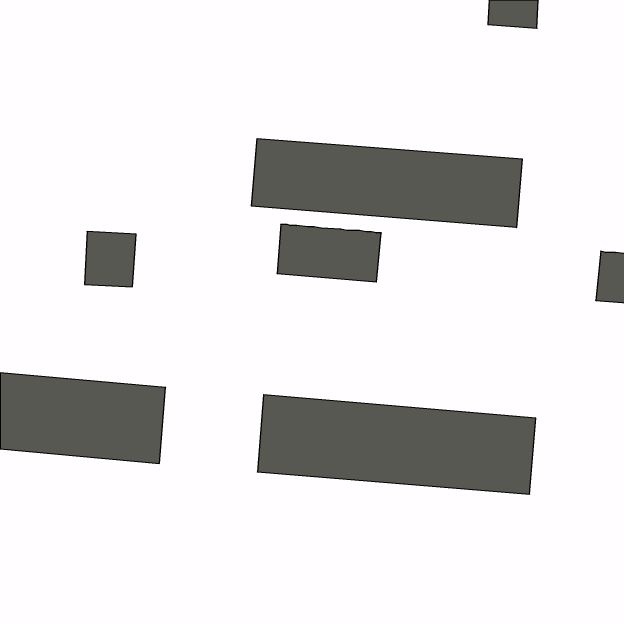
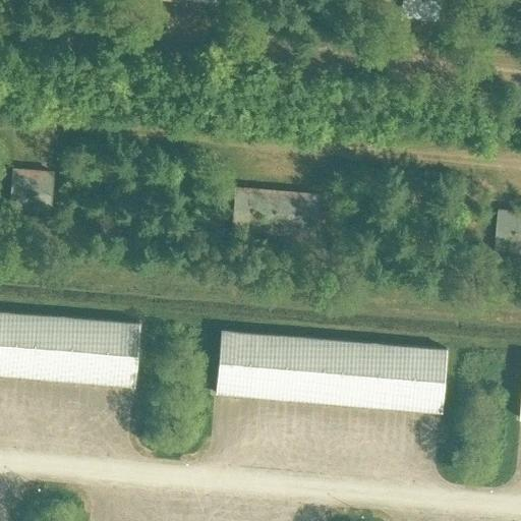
building: [252,139,522,228] -> none
building: [85,232,136,287] -> [10,169,53,215]

